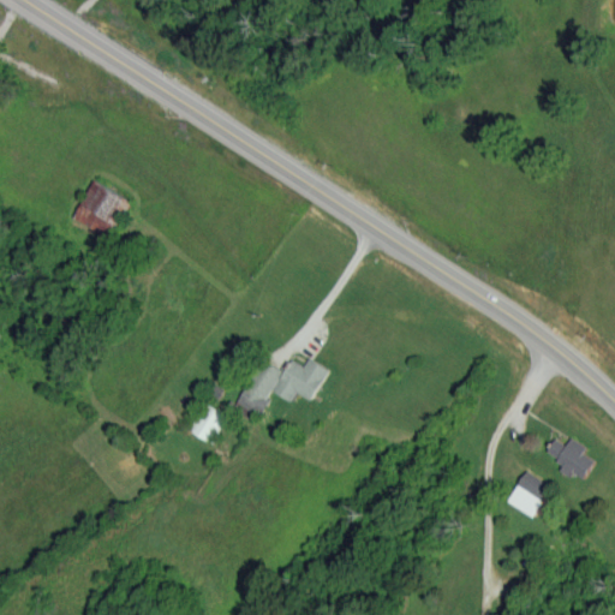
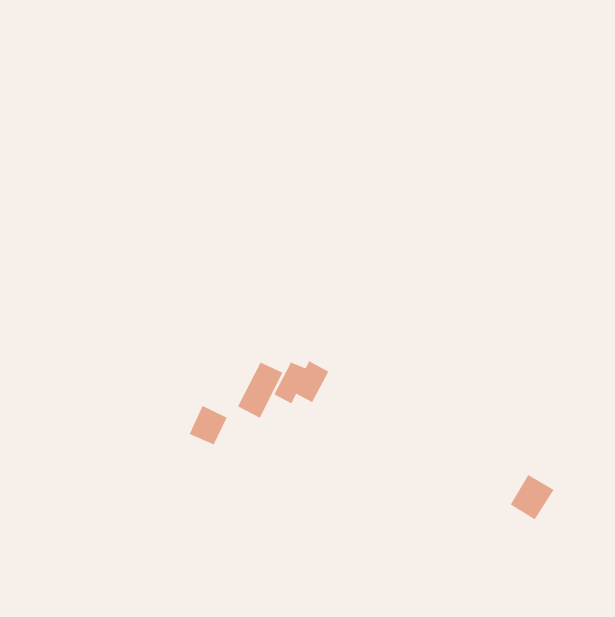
building: [71,181,129,240] -> none
building: [545,438,593,482] -> none

